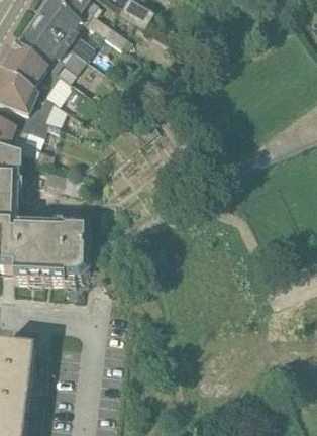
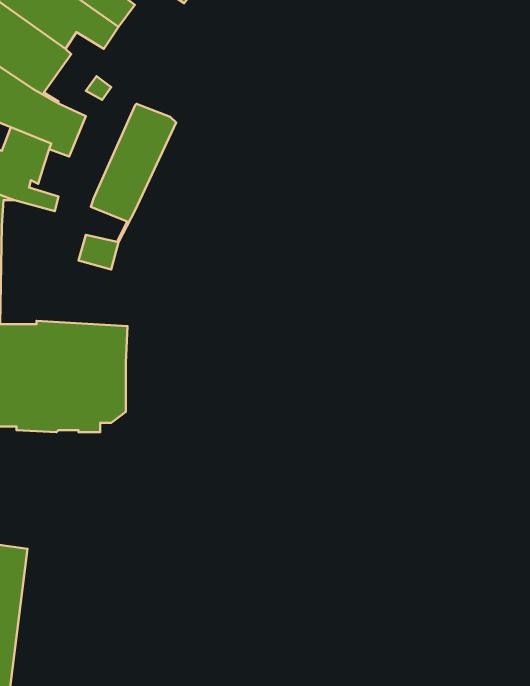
building: none -> [91,104,176,242]

